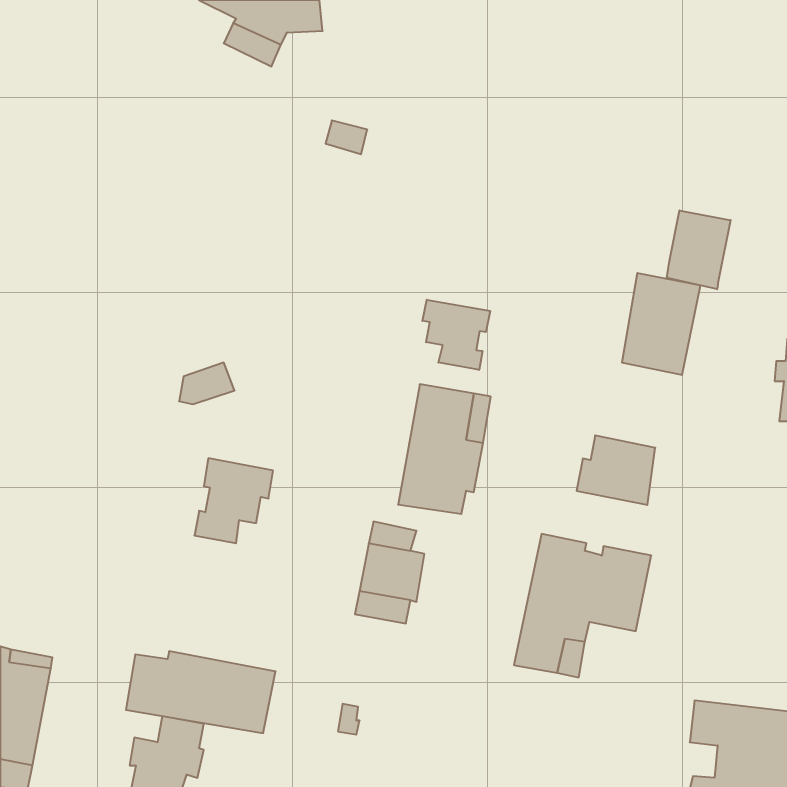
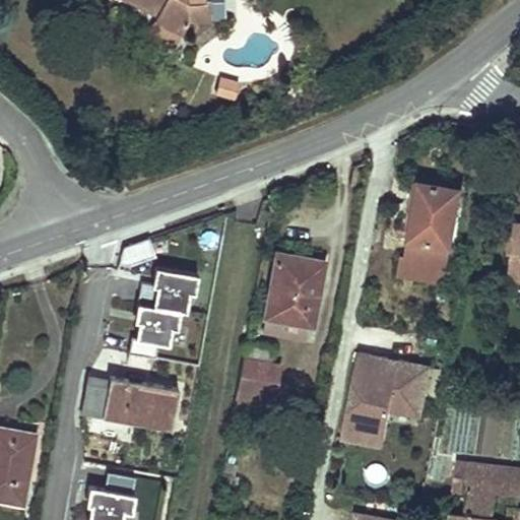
building: [667,210,731,289] -> none
building: [422,300,490,370] -> none
building: none -> [138,267,198,312]
building: [577,435,655,505] -> [398,240,450,285]
building: [126,651,276,733] -> [81,376,180,430]

